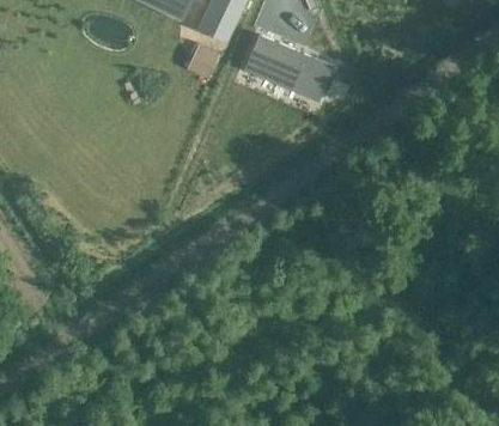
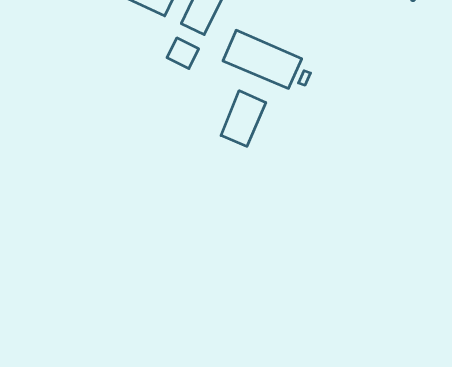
building: none -> [221,91,266,146]

